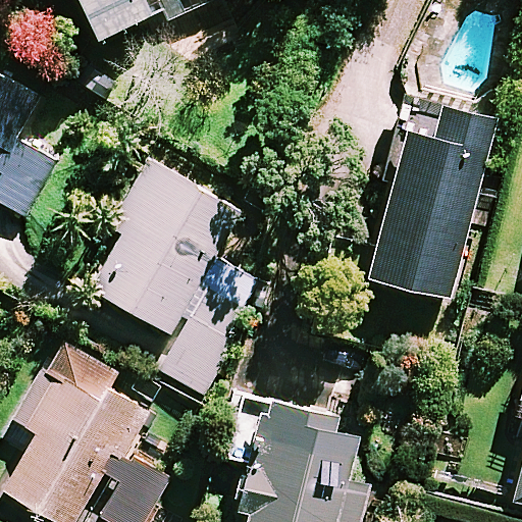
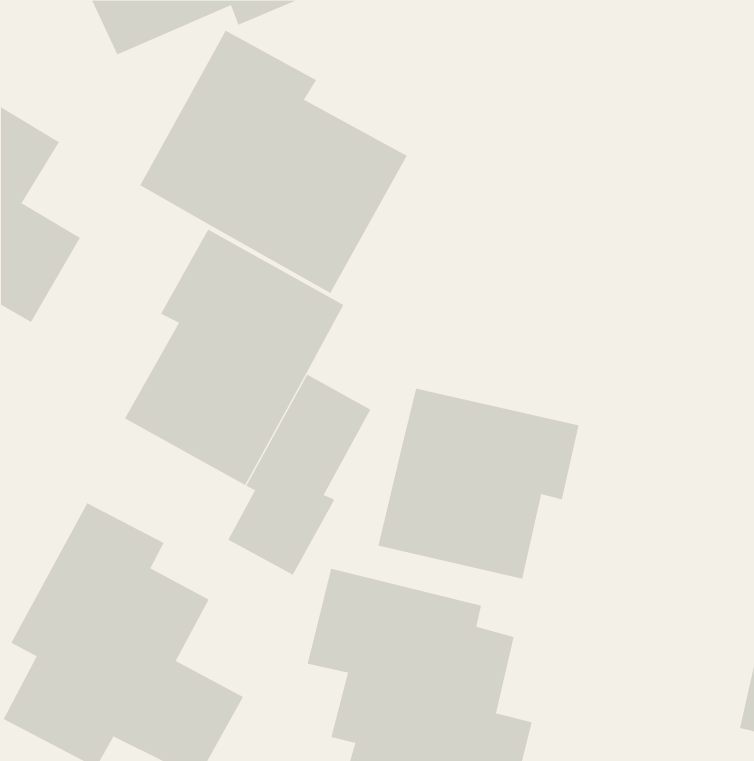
building: none -> [139,30,407,294]
building: [367,100,493,297] -> none
building: none -> [378,388,579,579]

